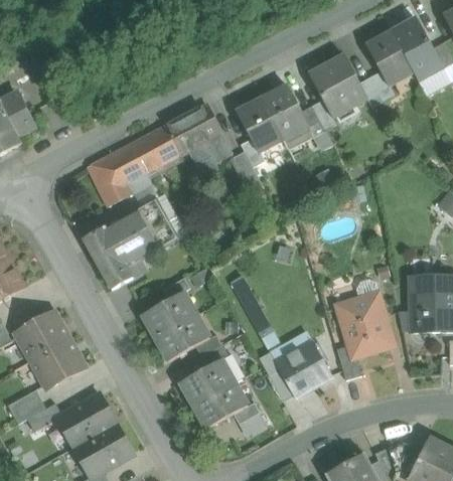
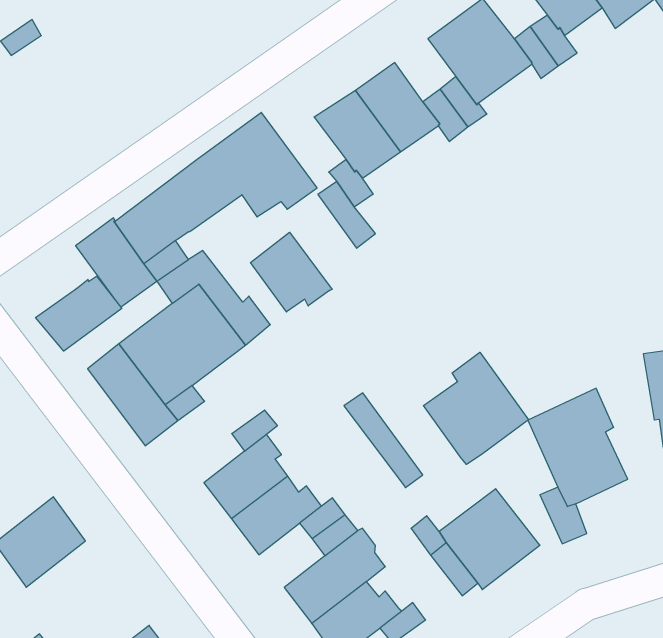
building: none -> [251,232,332,312]
building: none -> [36,276,122,351]
building: none -> [423,352,529,464]
building: [30,338,85,388] -> none

